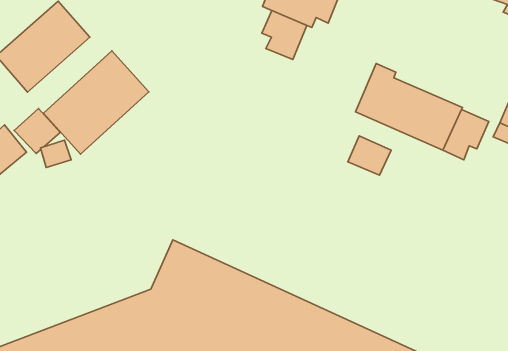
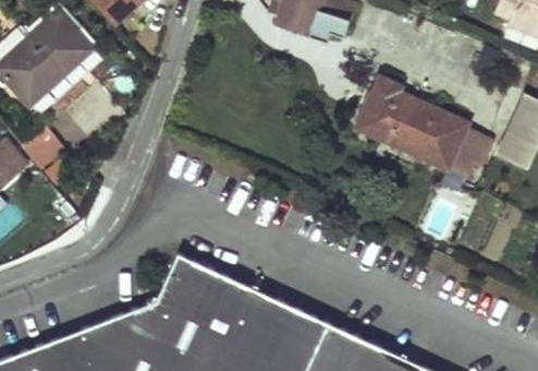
building: [262,10,307,59] -> none
building: [44,51,149,154] -> none
building: [348,136,391,175] -> none

